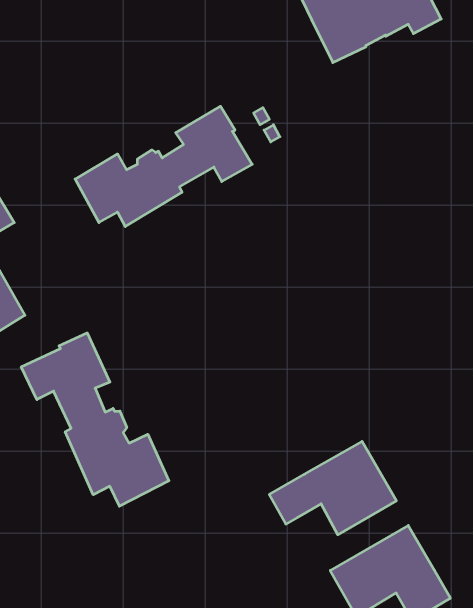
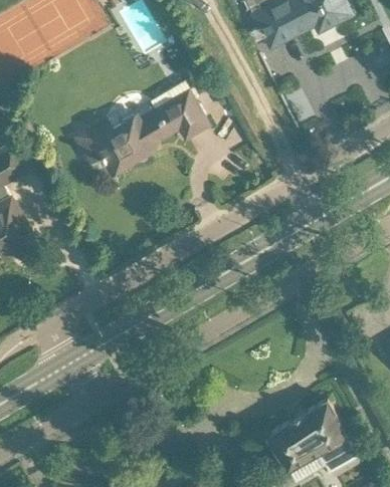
building: [21,333,169,506] -> none
building: [269,441,396,535] -> none

